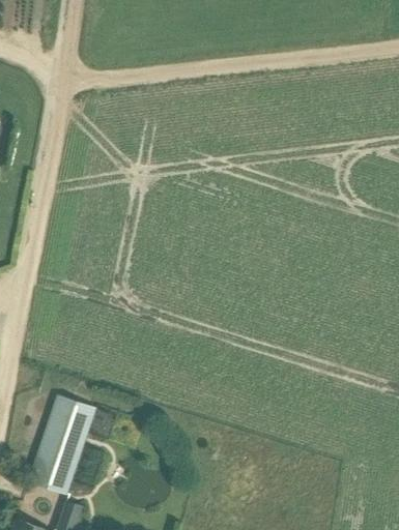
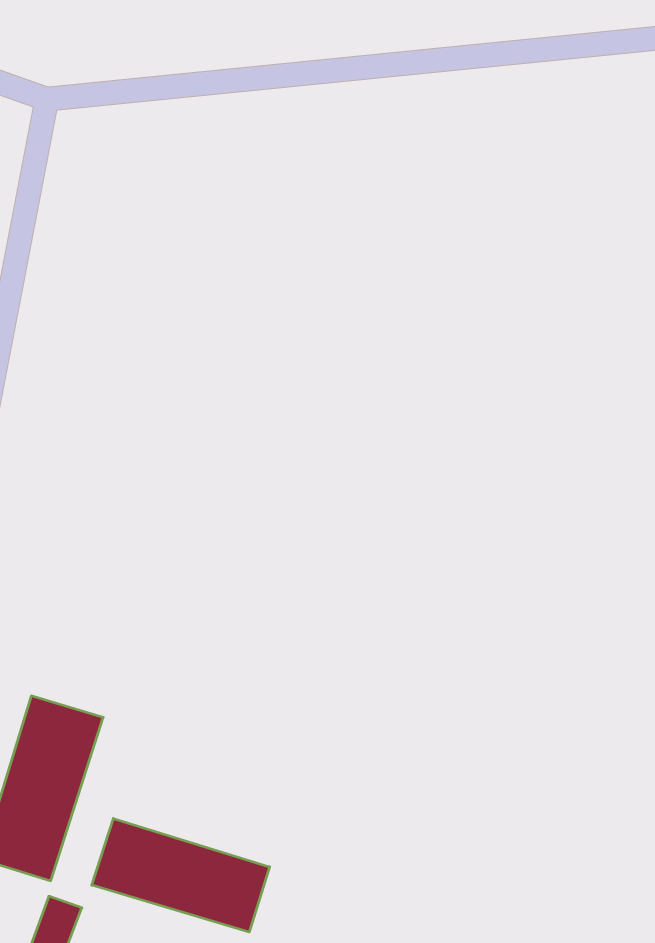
building: none -> [92,818,270,932]

